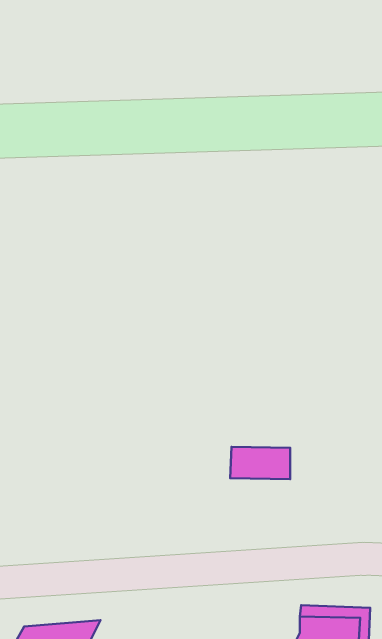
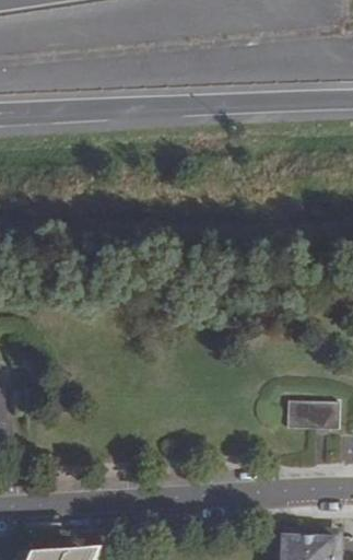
building: [230,447,290,479] -> [285,404,338,432]

